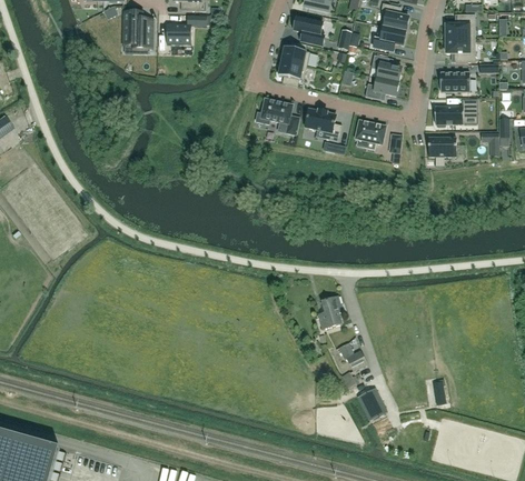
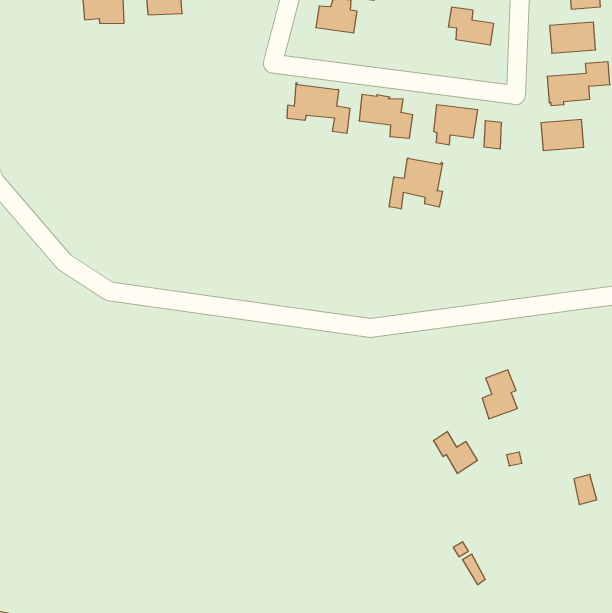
building: [278,61,306,86] -> none
building: [365,77,398,100] -> none
building: none -> [389,158,443,209]
building: [318,297,341,329] -> [482,370,517,419]
building: [357,389,385,421] -> none

